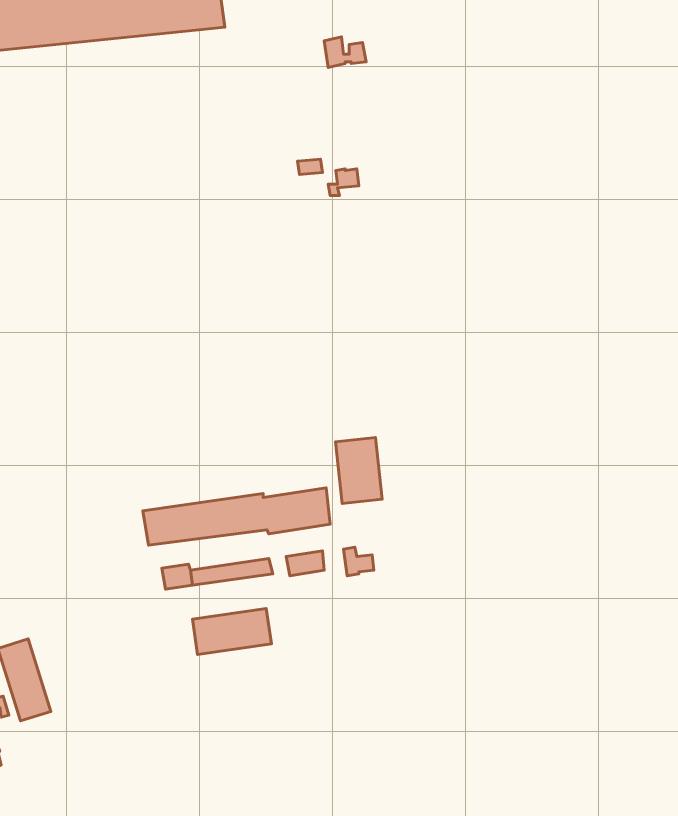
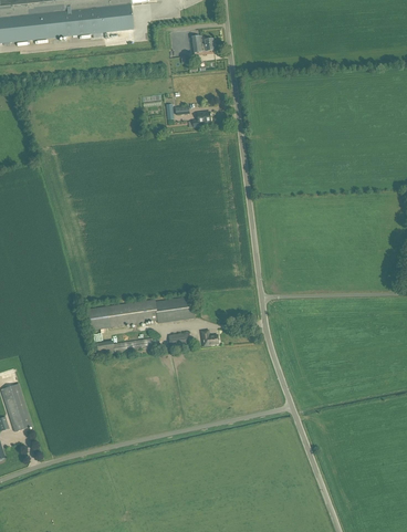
building: [336,438,382,504] -> none
building: [192,609,271,654] -> none

